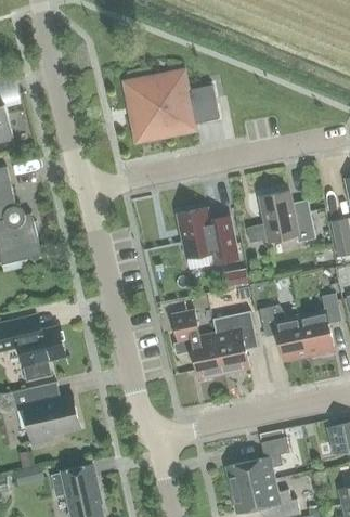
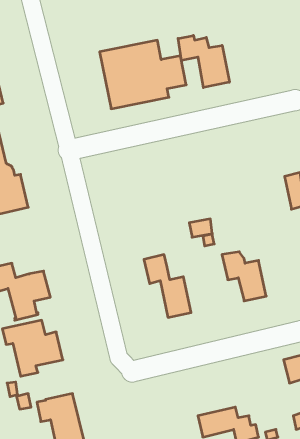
building: none -> [178,35,229,88]
building: [259,191,314,243] -> none
building: [177,208,238,266] -> none
building: [299,294,340,356] -> none
building: [211,311,257,374] -> none
building: [225,437,289,490] -> none

